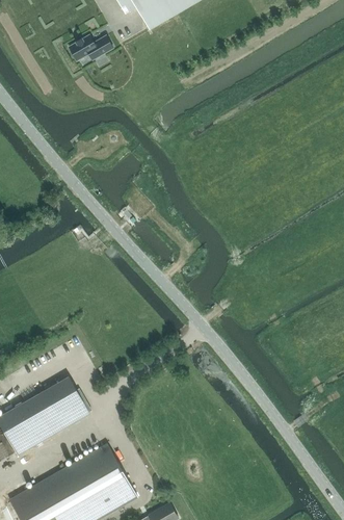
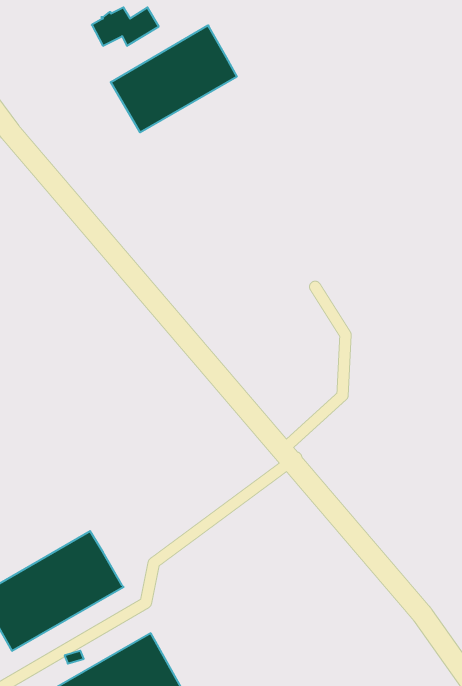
building: none -> [111,25,237,132]

